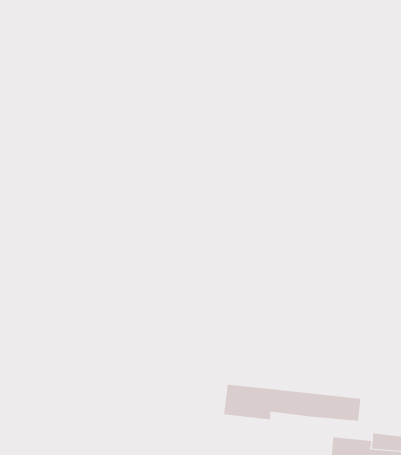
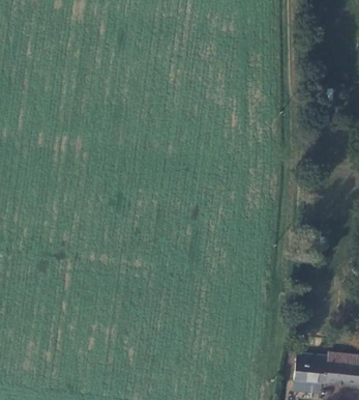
building: [224,384,361,421] -> none

